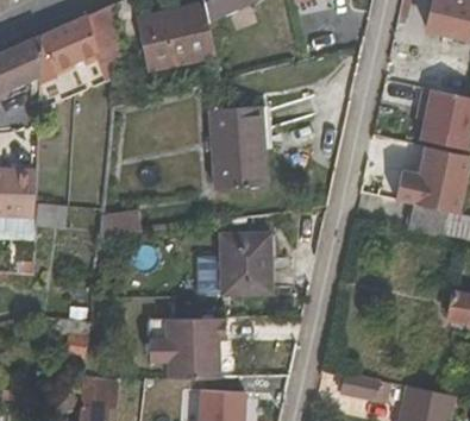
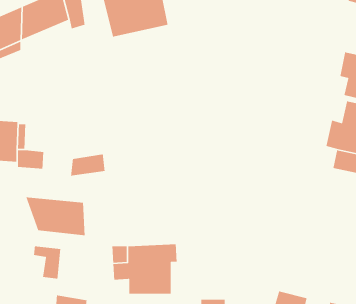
building: [208,107,270,189] -> none
building: [221,234,269,293] -> none
building: none -> [25,196,86,236]

